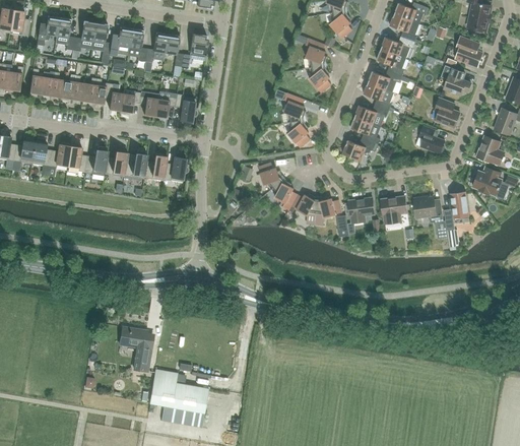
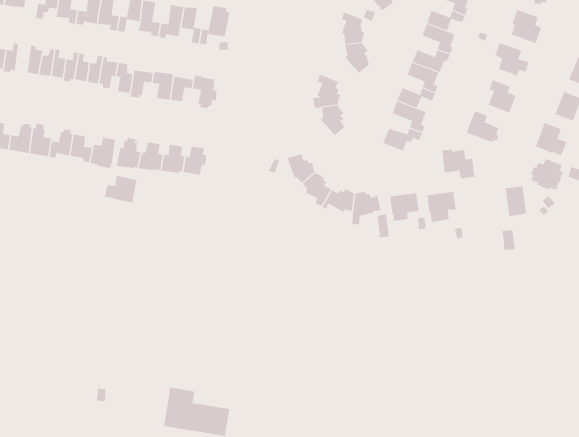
building: none -> [104,175,137,203]
building: [413,197,443,224] -> [442,149,475,179]
building: [120,327,153,372] -> none

